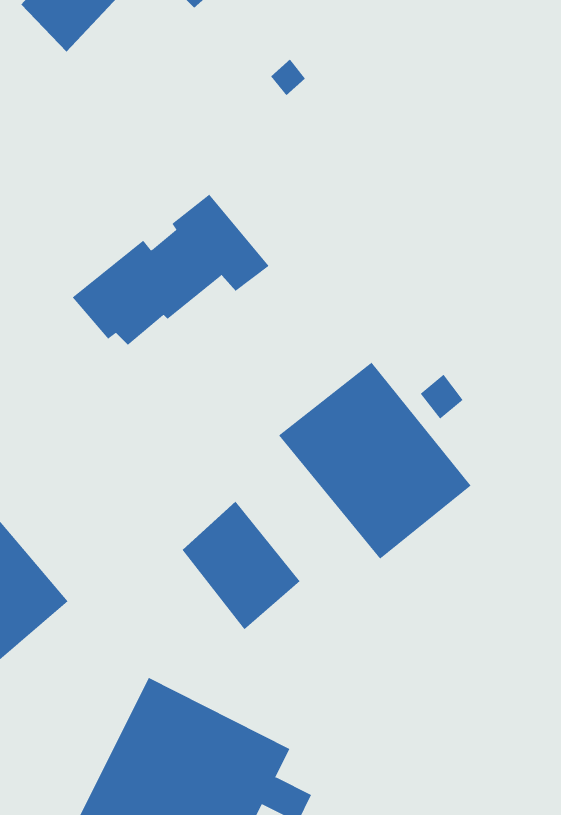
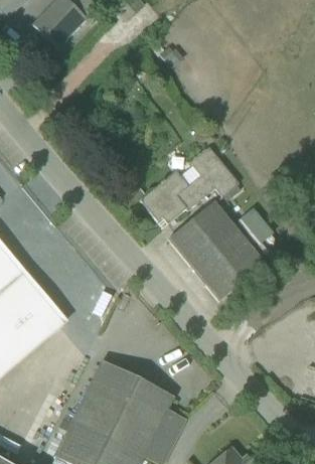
building: [72,194,269,346] -> [139,146,239,222]
building: [182,501,300,630] -> none

